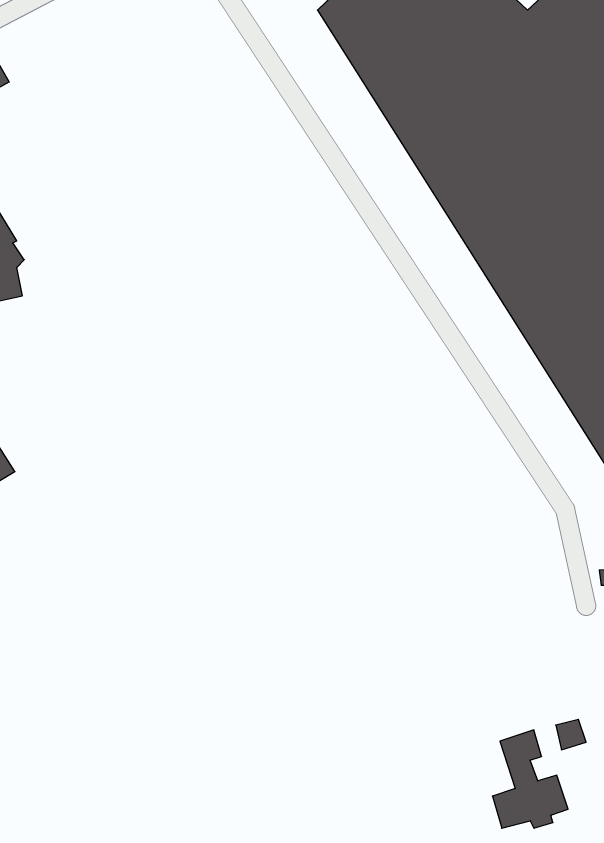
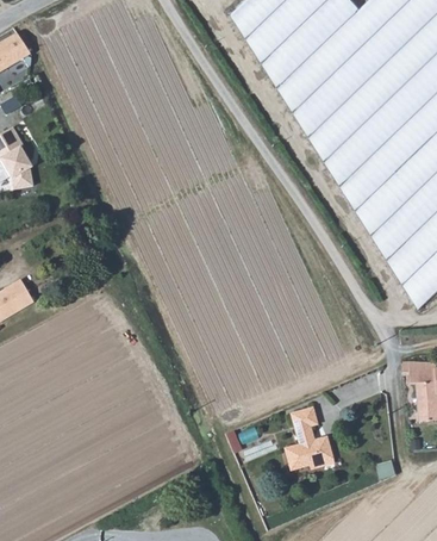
building: [492,730,568,828] -> [286,408,333,470]

